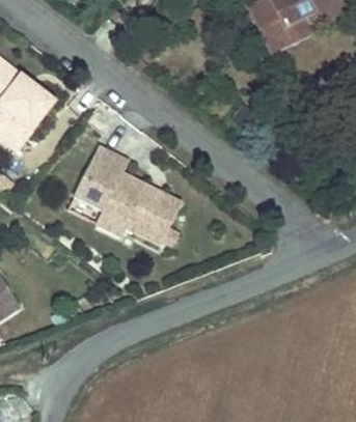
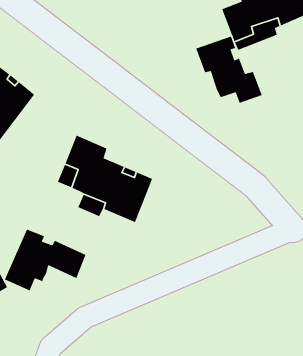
building: none -> [195,35,263,104]
building: none -> [4,228,87,291]

